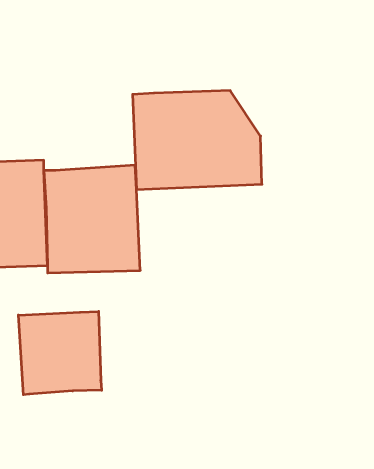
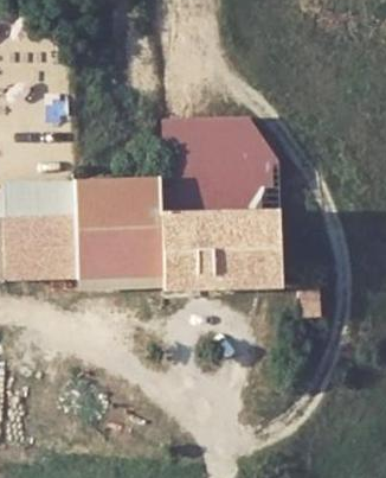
building: none -> [153,200,313,316]
building: [18,311,102,395] -> none

